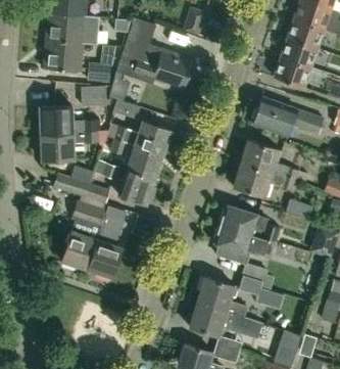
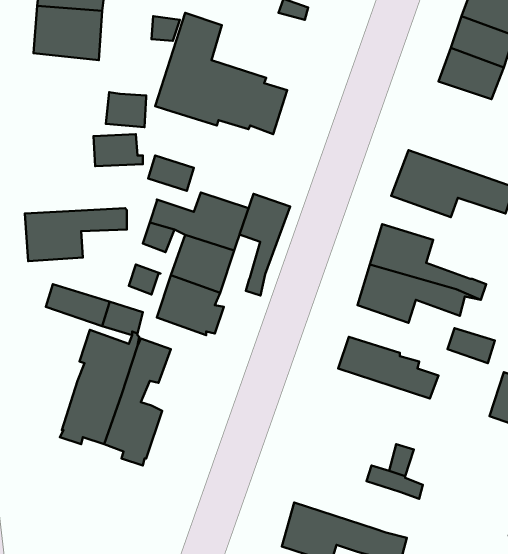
building: [44,40,84,72] -> none
building: [275,56,311,87] -> none
building: [40,105,99,133] -> none
building: none -> [240,194,290,295]
building: [215,223,276,266] -> none
building: [197,275,247,316] -> none

